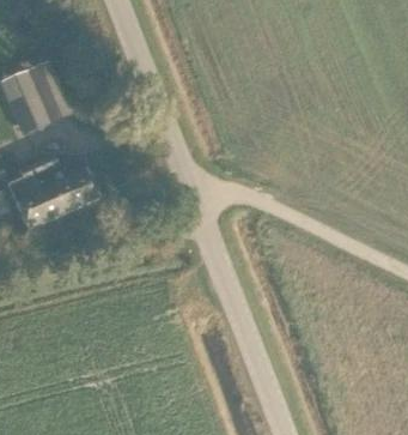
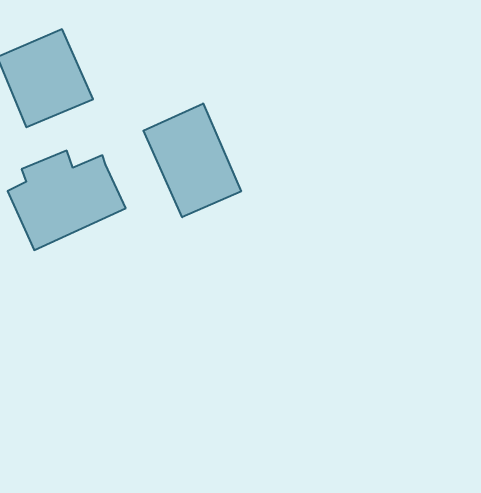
building: none -> [143,103,241,217]

